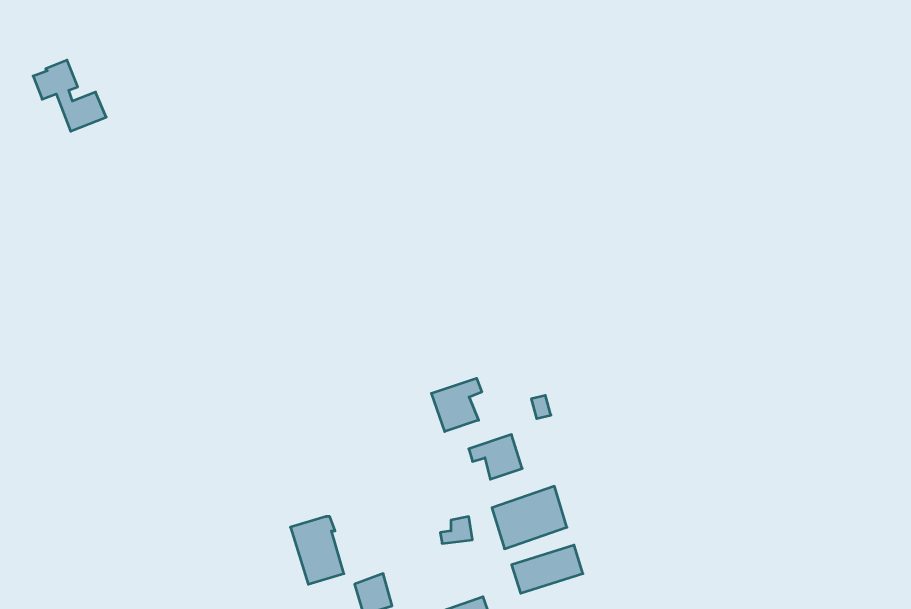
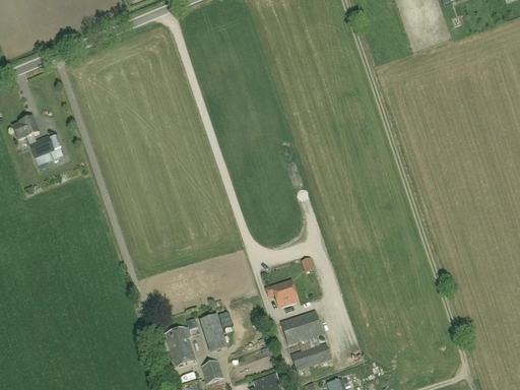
building: [33,60,106,131] -> [13,117,55,157]
building: [431,378,482,432] -> none
building: none -> [201,315,226,351]

